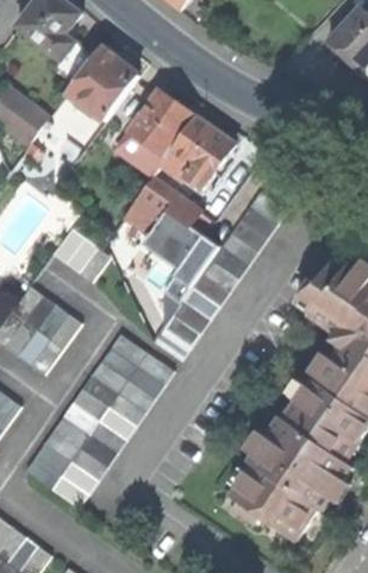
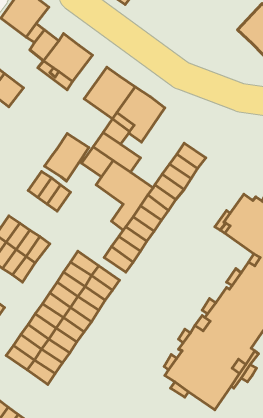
building: none -> [45,134,89,181]

